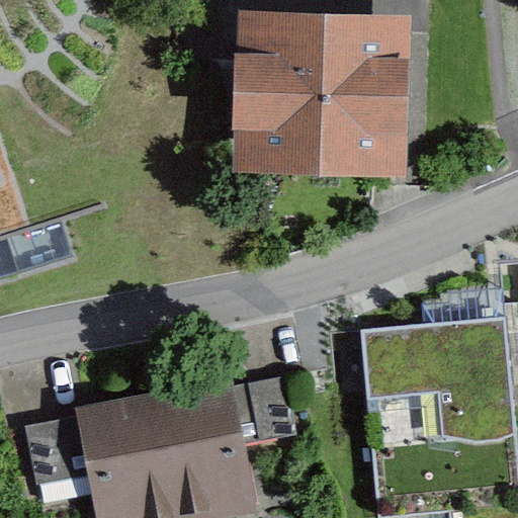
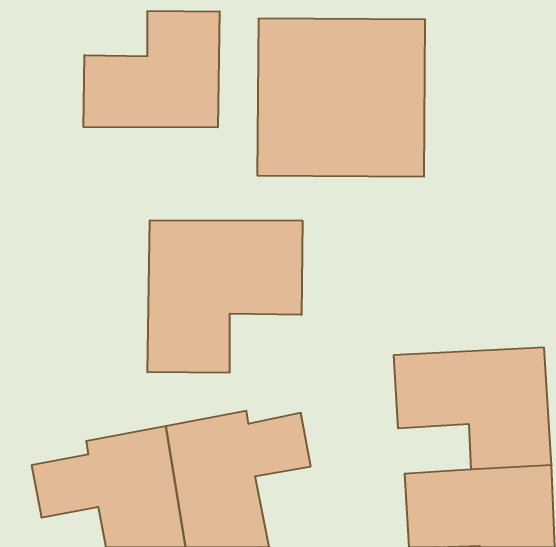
building: none -> [84,11,220,127]
building: none -> [148,220,302,373]

